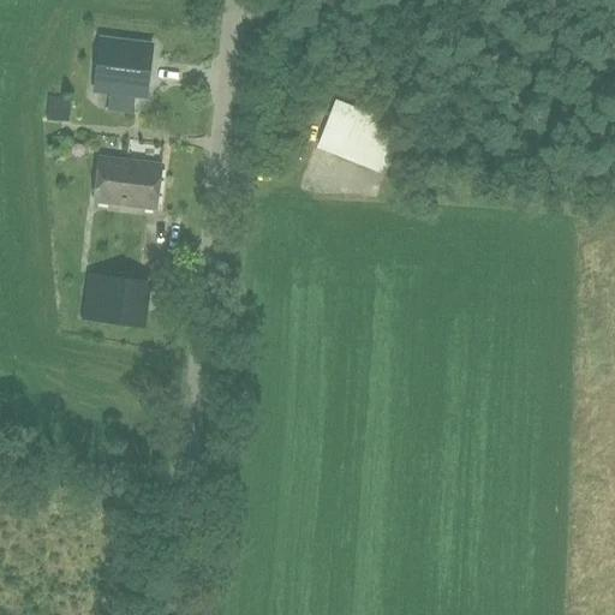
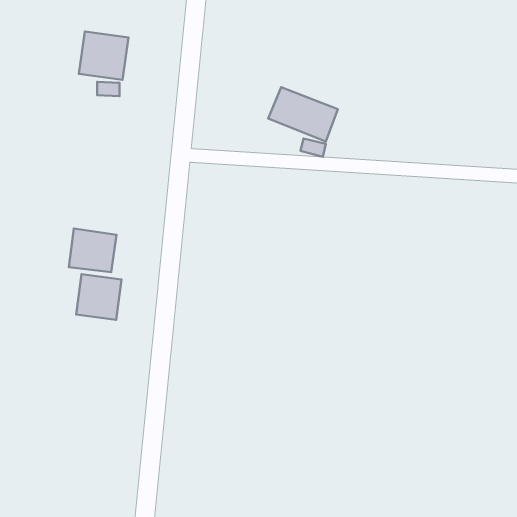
building: [92,155,161,209] -> none
building: none -> [76,274,121,320]

